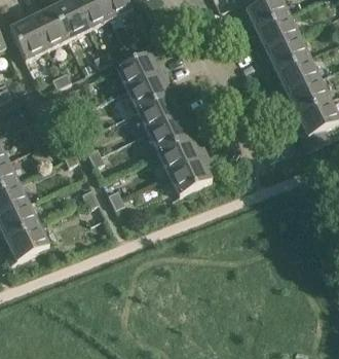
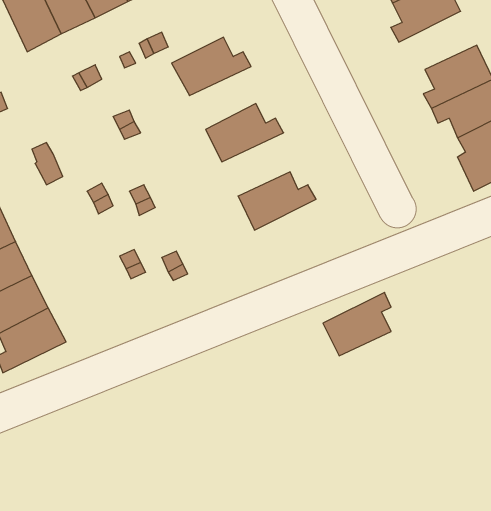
building: [259,36,308,73] -> none
building: [126,71,170,111] -> none
building: [147,113,190,153] -> none
building: [167,155,211,195] -> [323,292,391,356]

